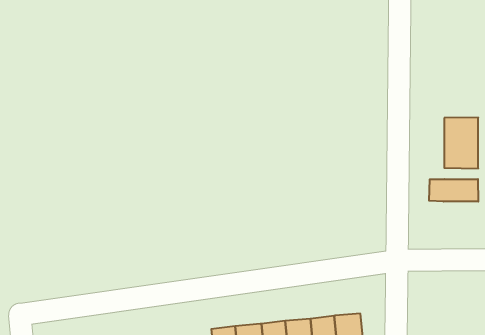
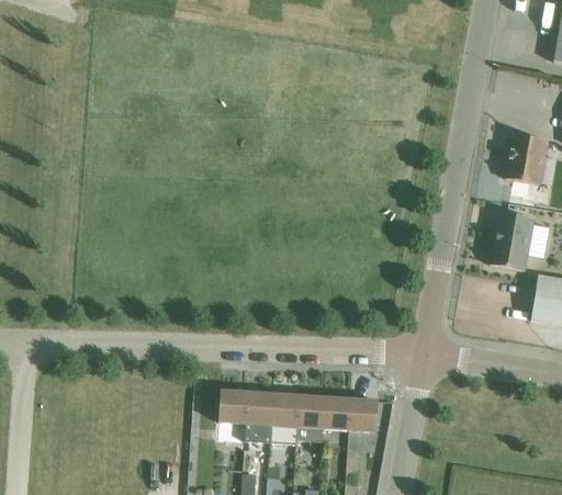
building: none -> [505,134,547,183]
building: [429,179,478,202] -> none

